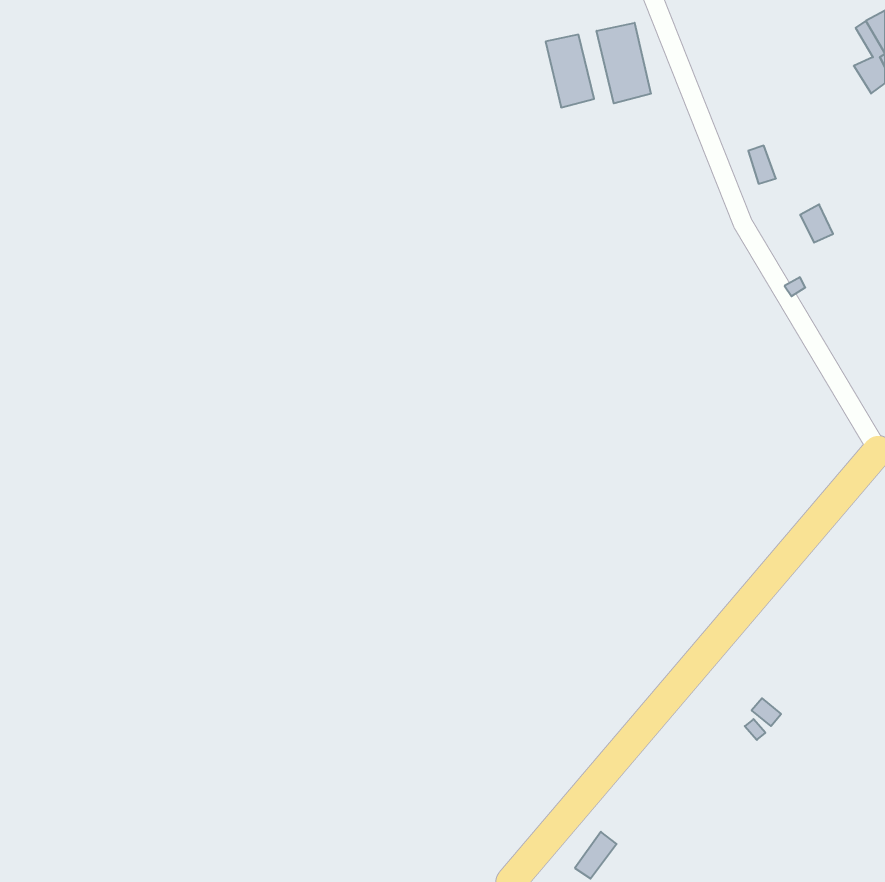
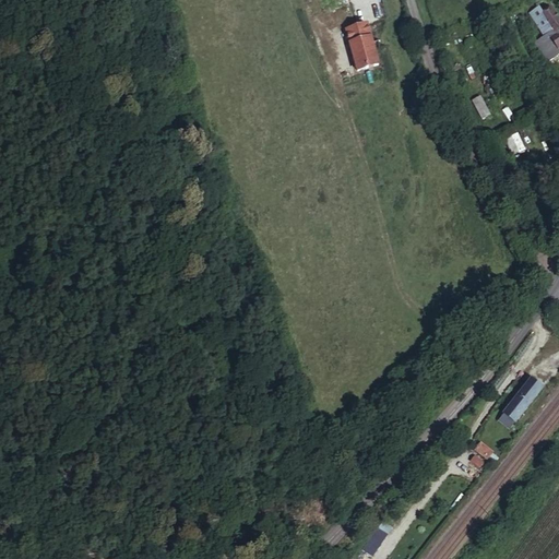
building: [597,23,651,103] -> none
building: none -> [501,374,543,424]

